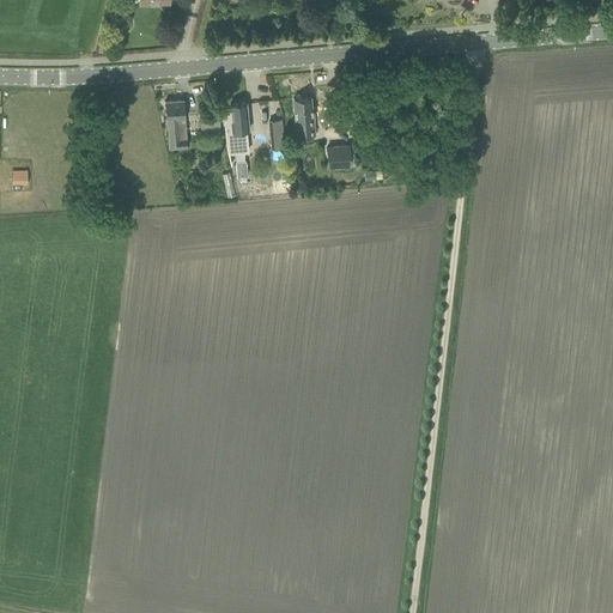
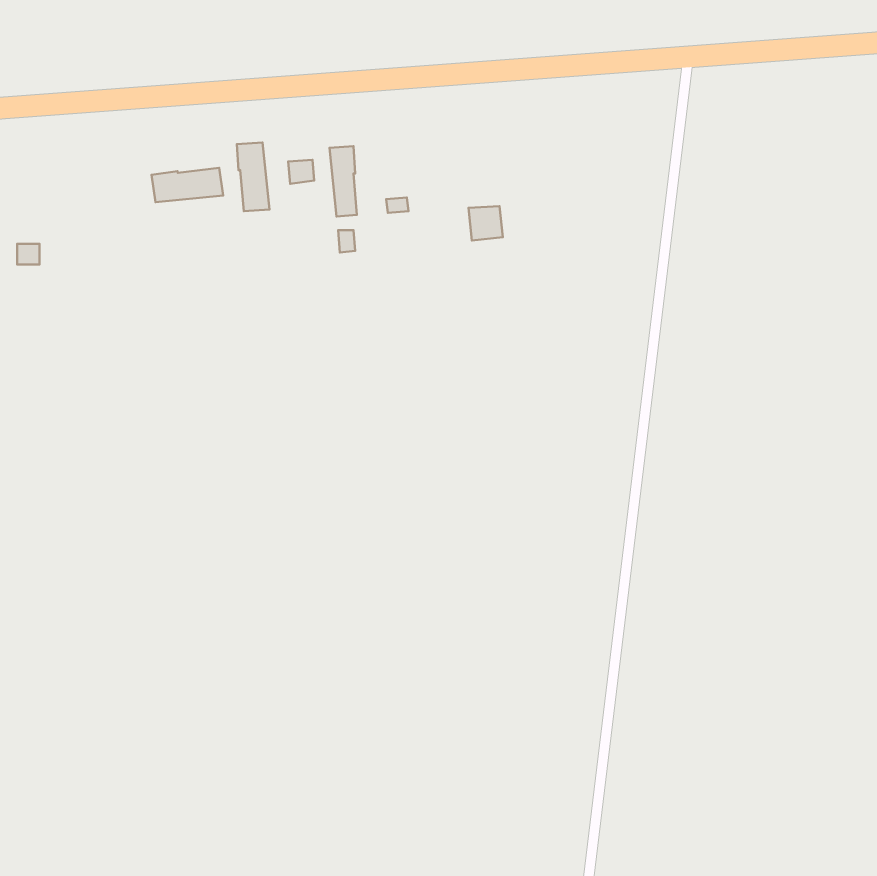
building: [293,97,314,138] -> none
building: none -> [152,168,223,202]

